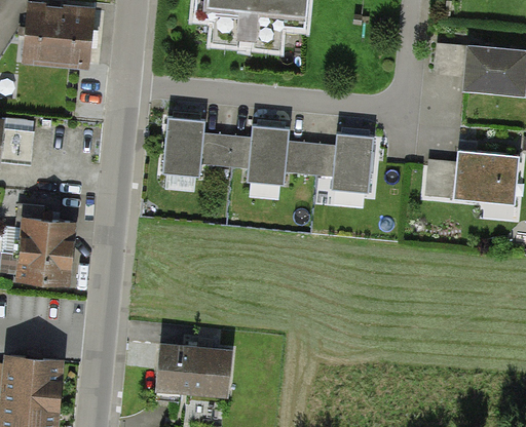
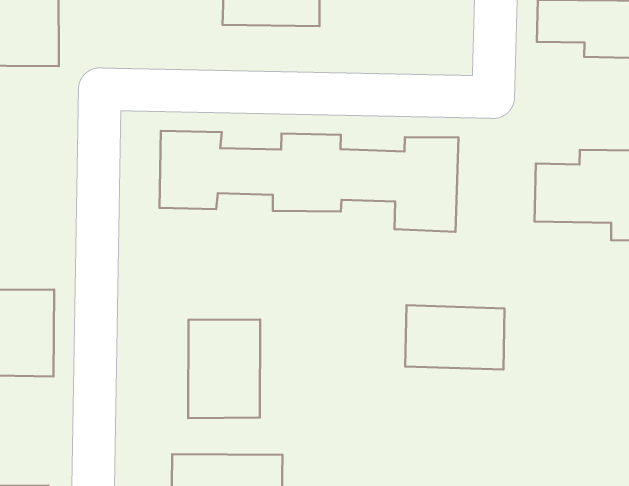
building: none -> [188,319,260,418]
building: none -> [405,305,505,370]

